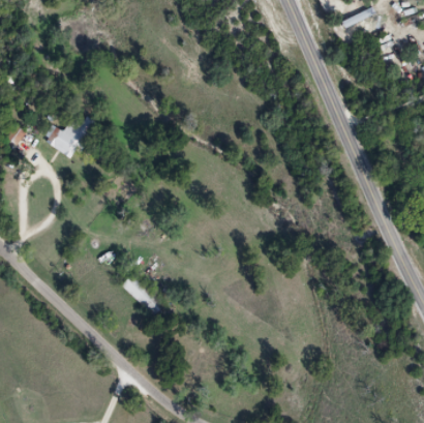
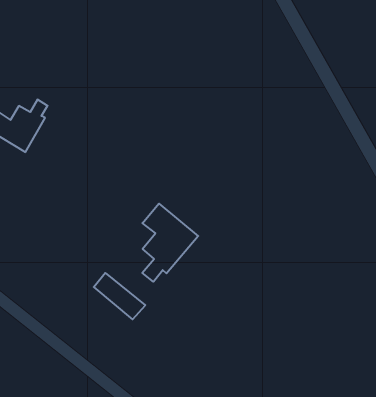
building: none -> [142,204,198,282]

